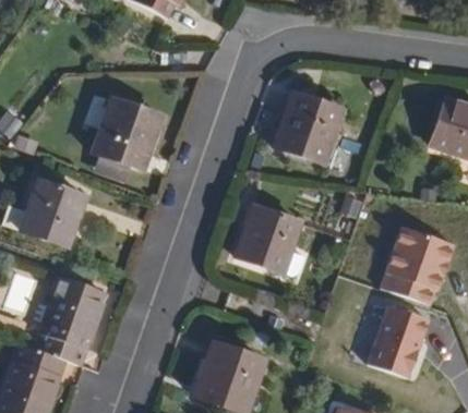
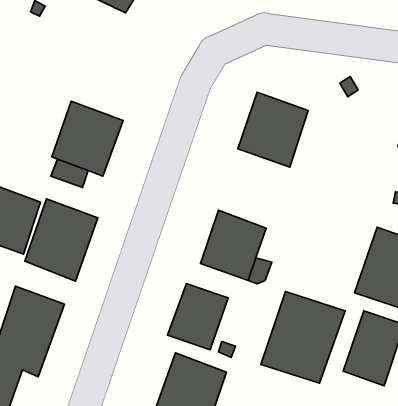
building: none -> [25,199,98,281]
building: none -> [168,284,228,350]
building: none -> [261,291,345,383]

